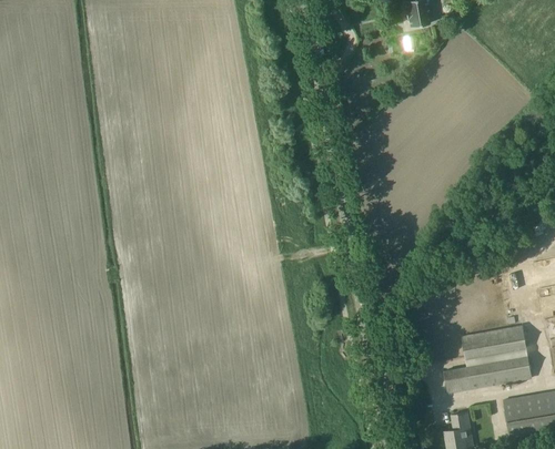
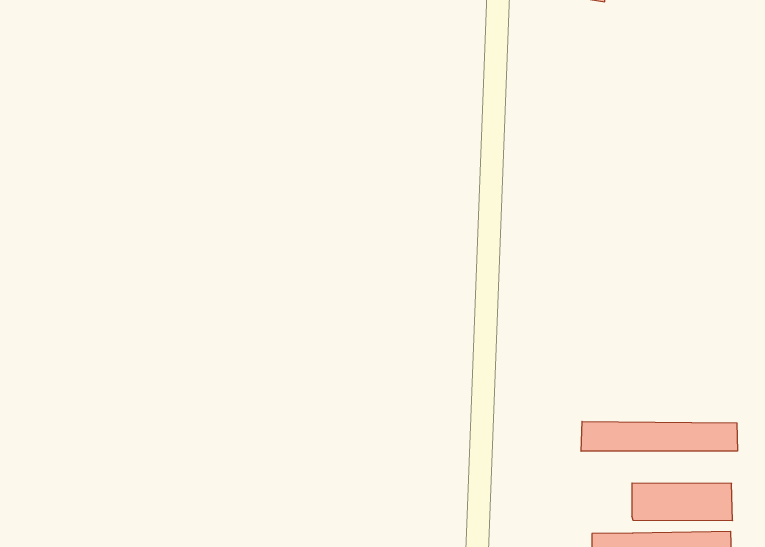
building: none -> [581,421,737,451]

